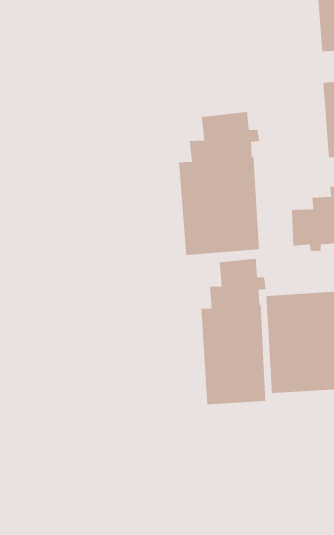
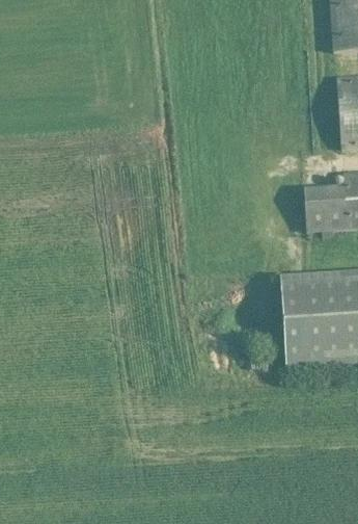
building: [178,111,260,256] -> none
building: [201,258,266,405] -> none

